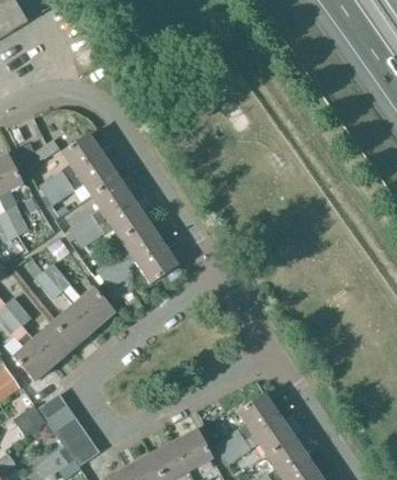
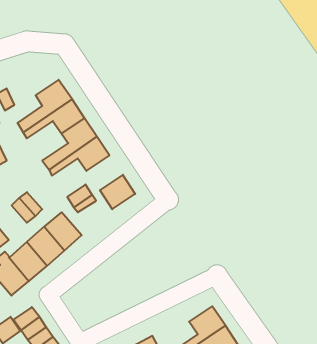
building: [121,221,162,260] -> none

